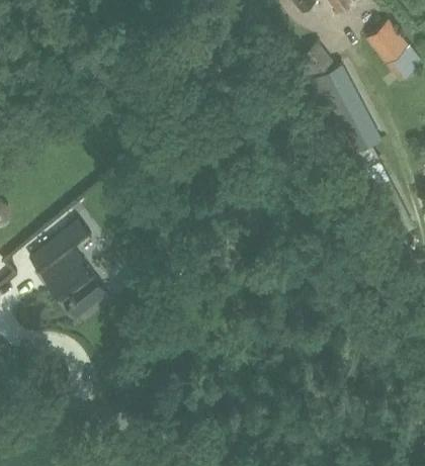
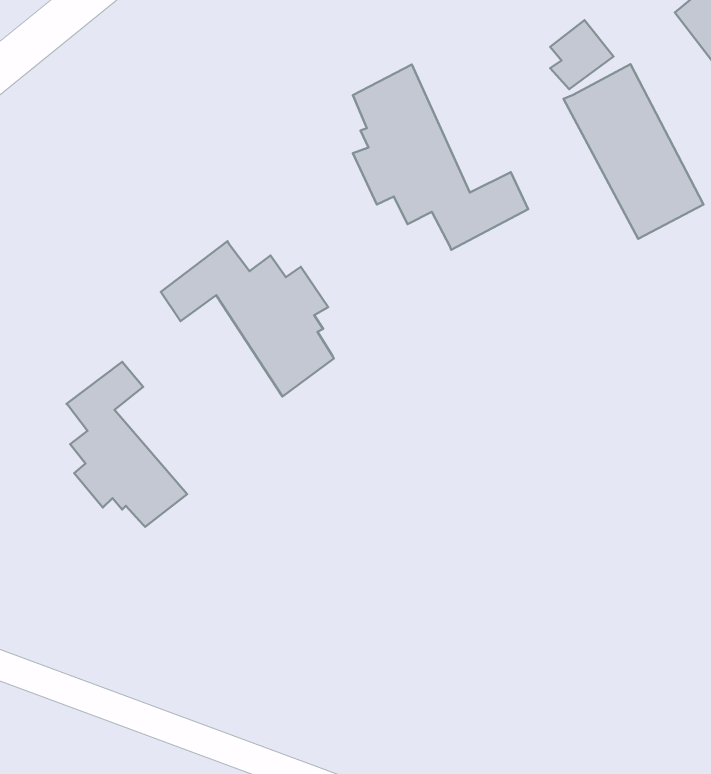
building: none -> [353,65,528,250]
building: none -> [161,241,334,397]

